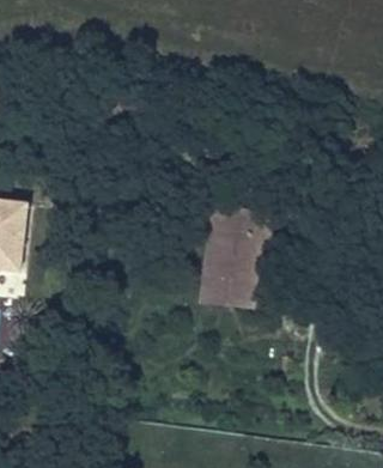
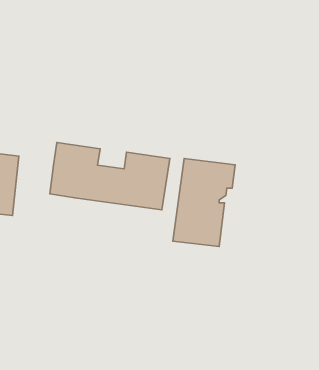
building: none -> [50,142,170,210]

